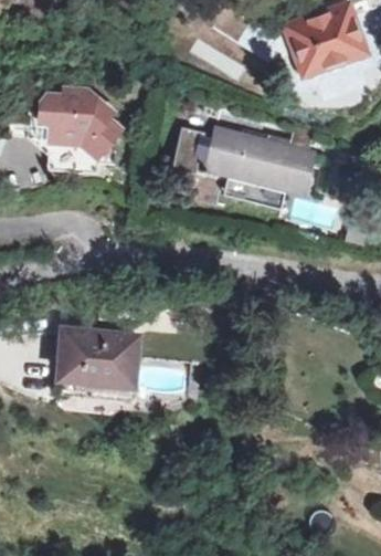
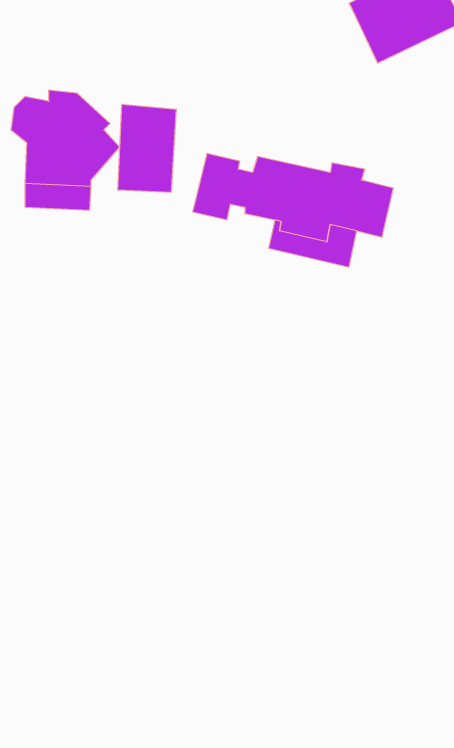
building: none -> [118,104,176,192]
building: [57,324,138,389] -> none

